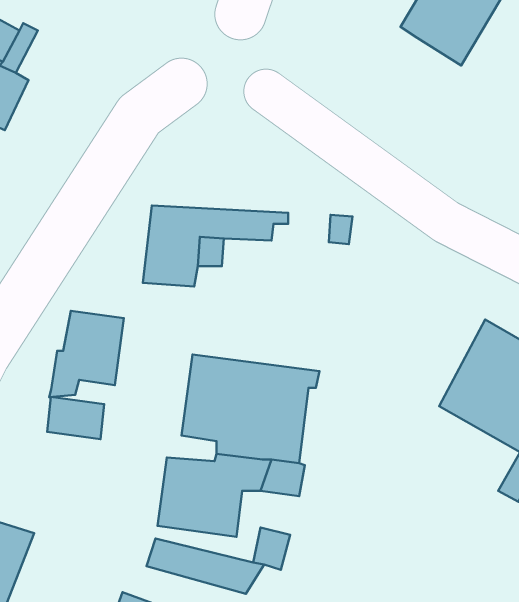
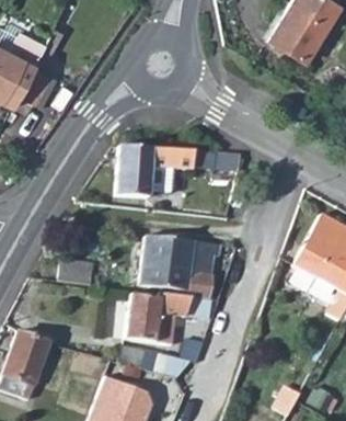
building: [49,311,124,397] -> none

